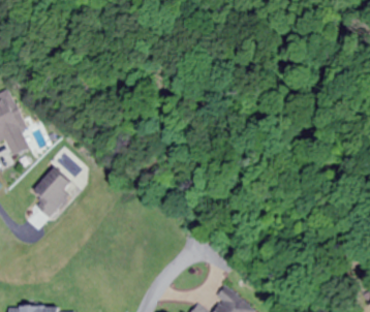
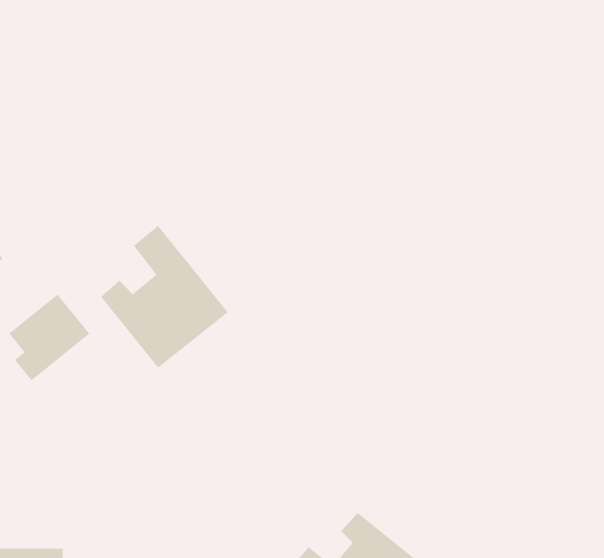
building: none -> [101,225,229,369]

